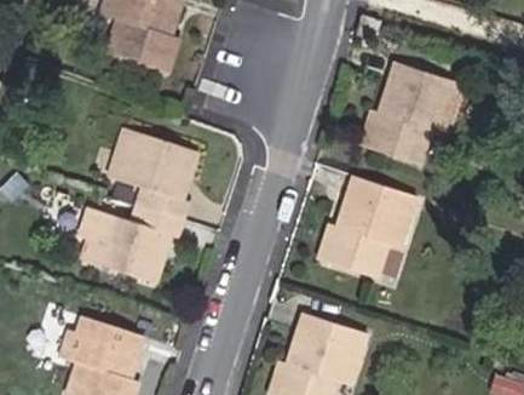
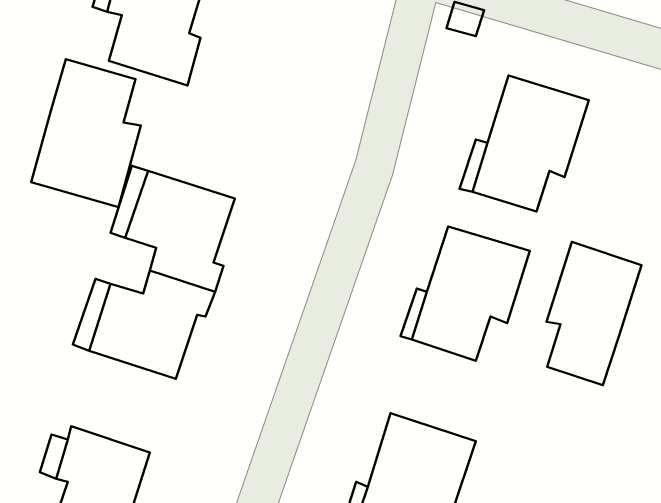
building: none -> [31,59,141,207]
building: none -> [547,242,642,385]

